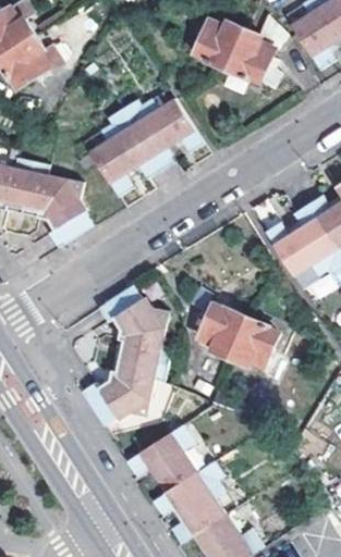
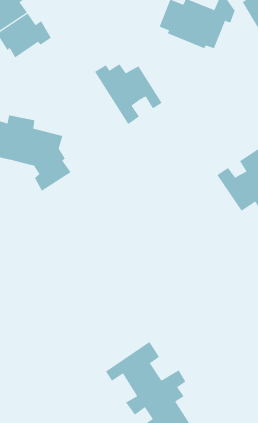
building: [84,108,157,198] -> none
building: [81,283,171,426] -> none
building: [197,302,279,367] -> none

